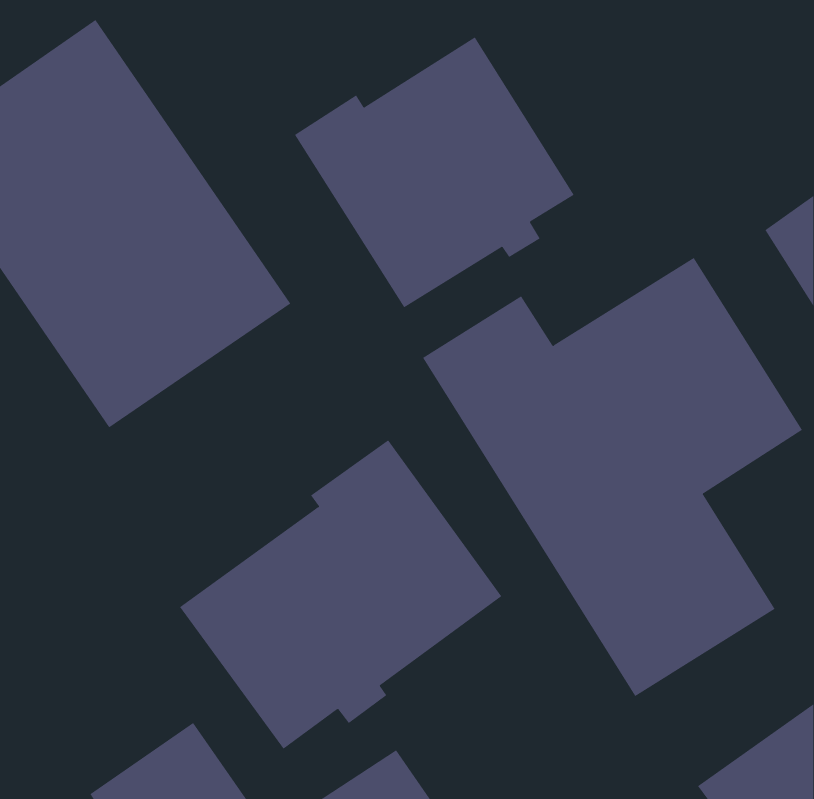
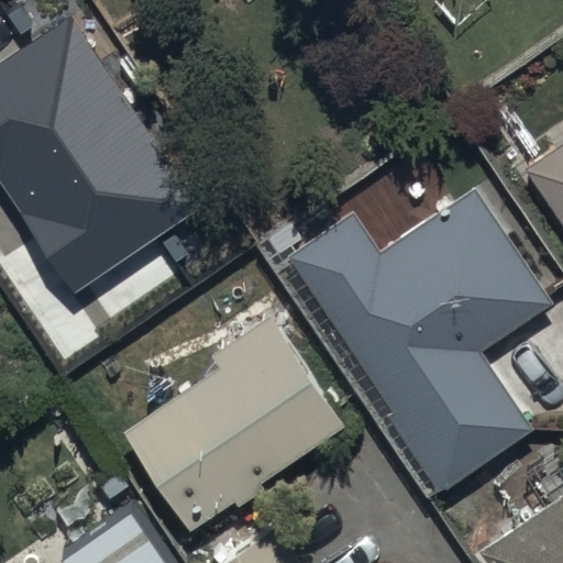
building: [294,36,574,308] -> none

